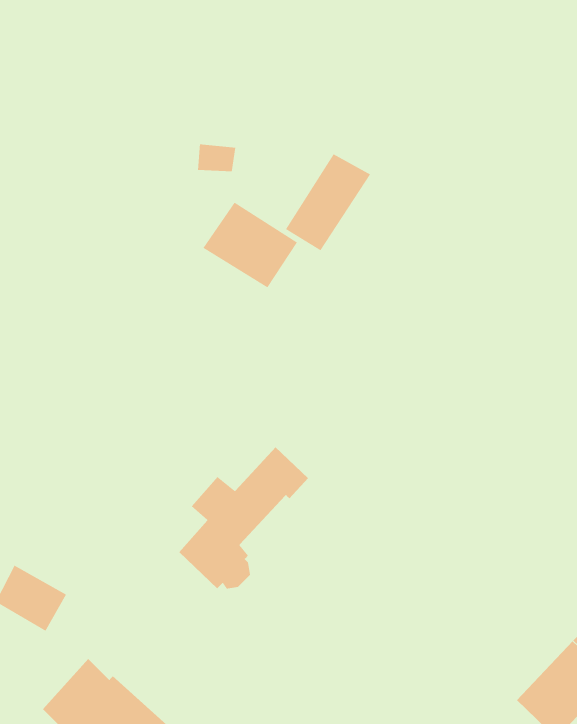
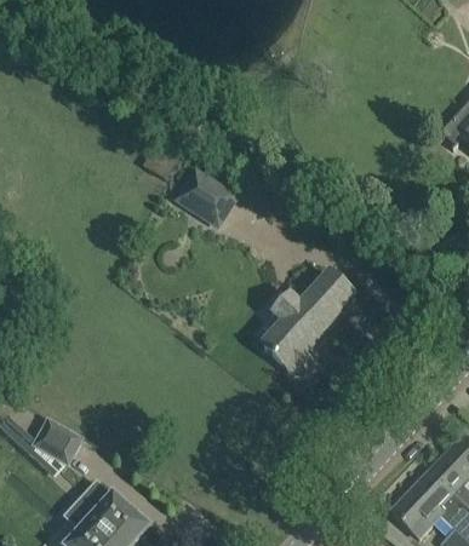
building: [285,153,371,251] -> none
building: [179,446,309,589] -> [264,272,354,370]

